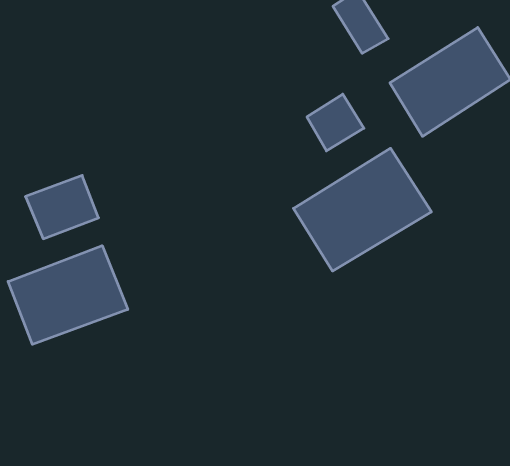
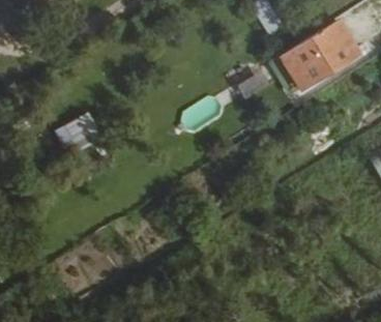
building: [293,148,431,271] -> none
building: [8,246,128,344] -> none

